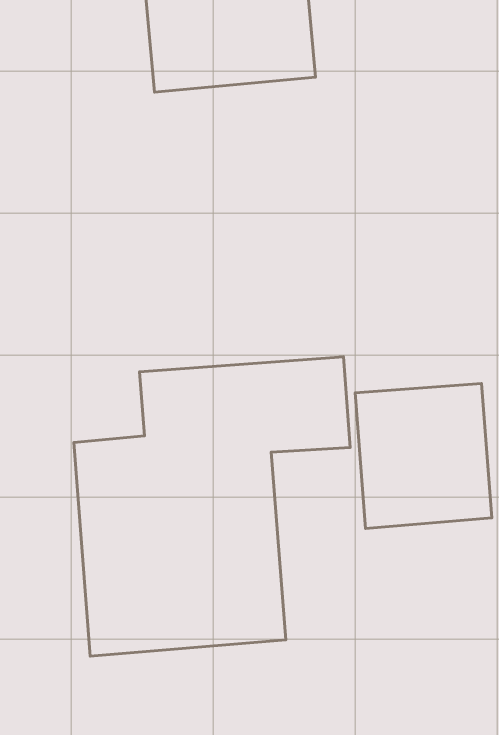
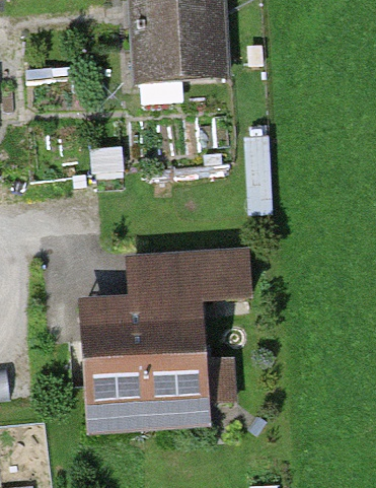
building: [355,383,492,529] -> none

